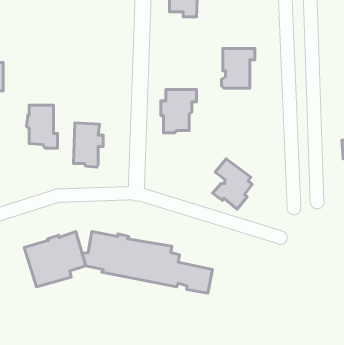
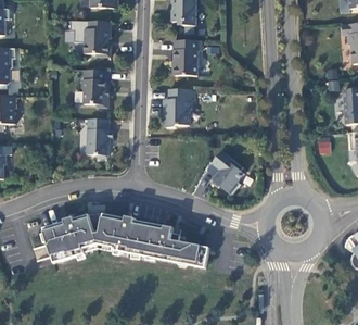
building: none -> [82,20,111,55]
building: [222,49,255,88] -> [172,39,202,74]
building: [27,105,57,148] -> [81,68,108,107]

